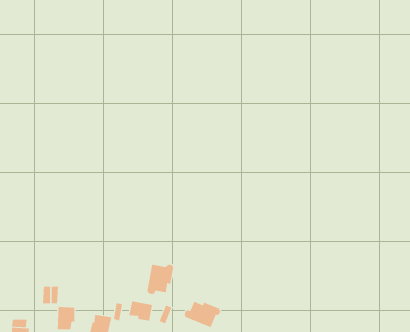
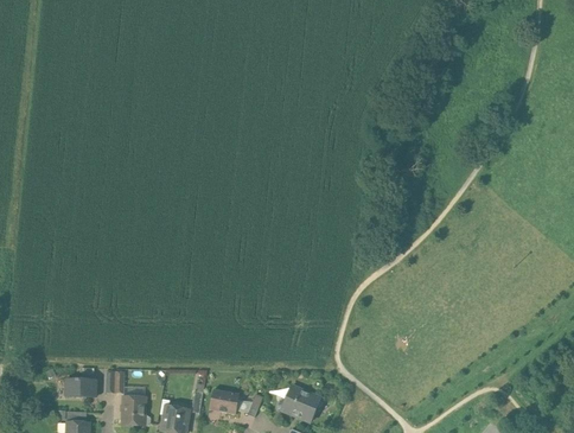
building: [147,264,174,295] -> none
building: none -> [64,380,95,397]

